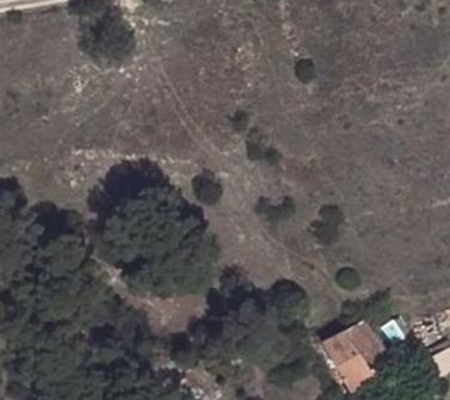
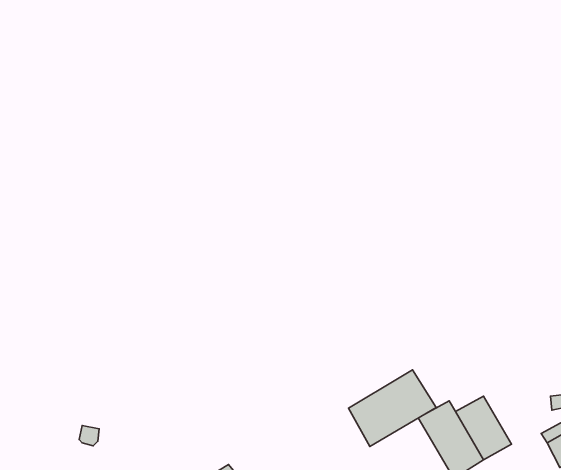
building: none -> [349,370,436,446]

